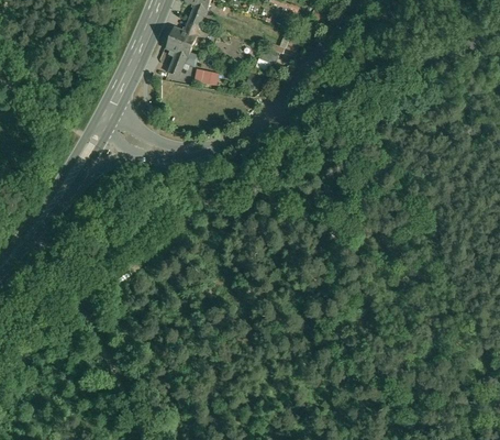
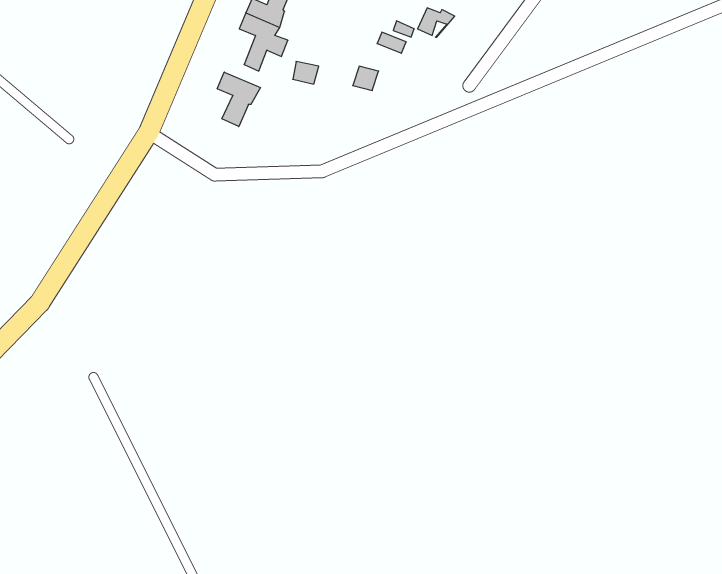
building: none -> [217,72,260,127]

